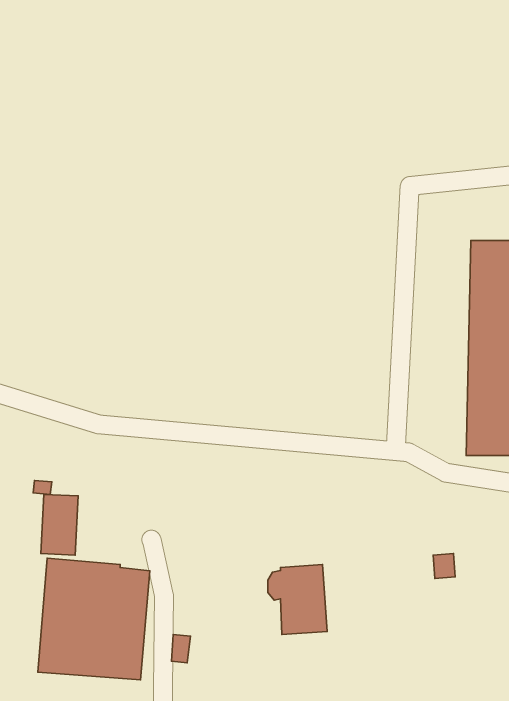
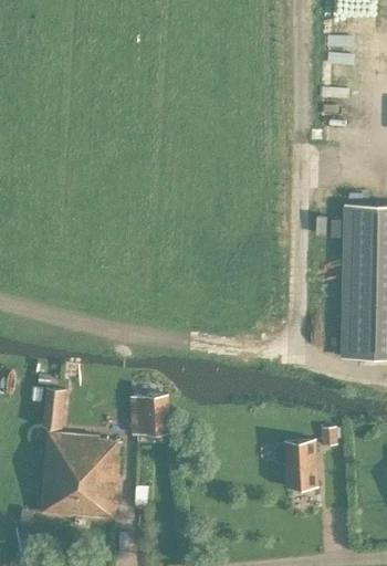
building: none -> [132,395,169,434]
building: [268,564,327,635] -> [276,439,318,489]

